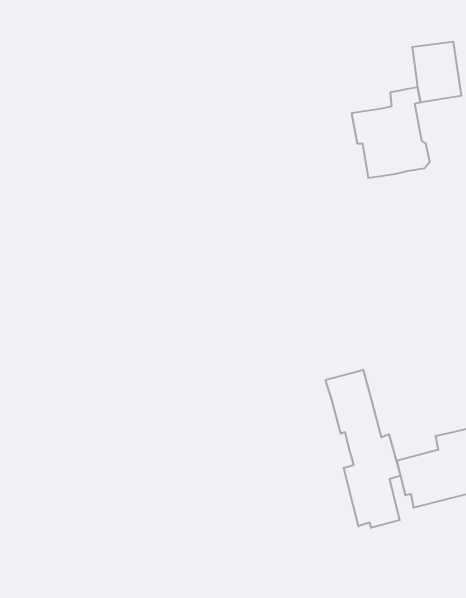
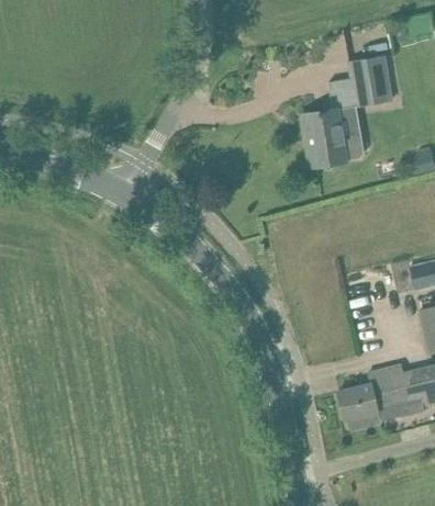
building: [326,370,401,528] -> none

